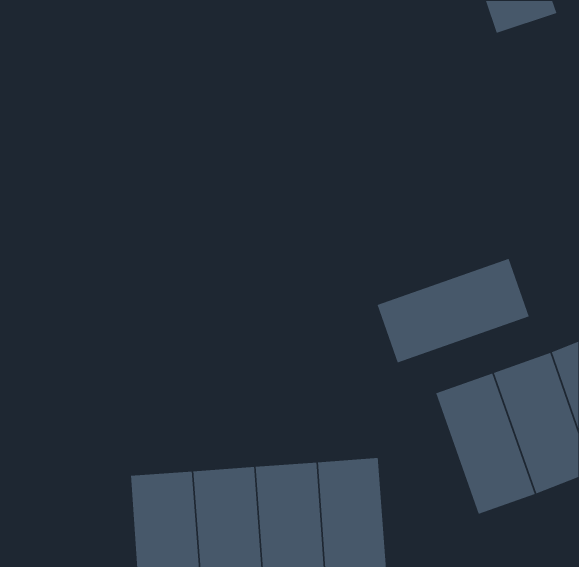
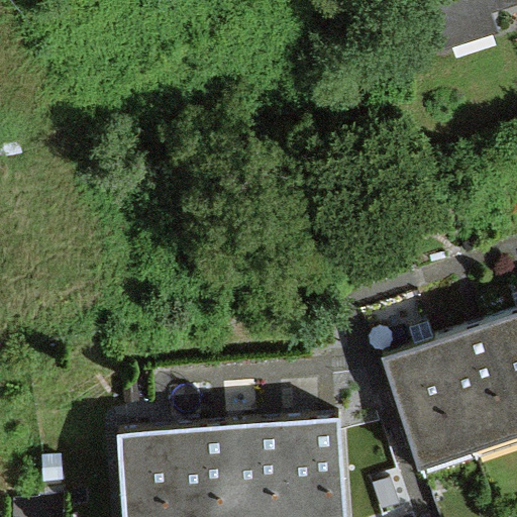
building: [376,258,530,363] -> none

